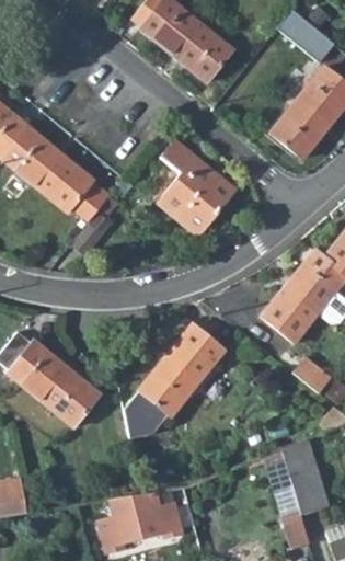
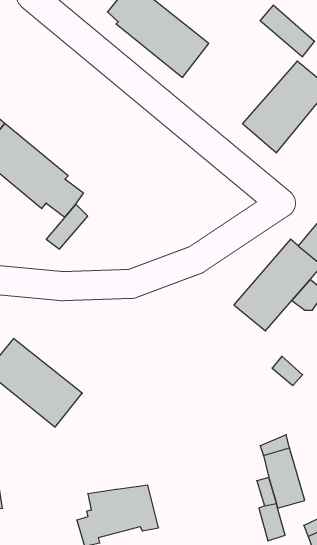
building: [158,142,234,236] -> none
building: [123,324,223,435] -> none

